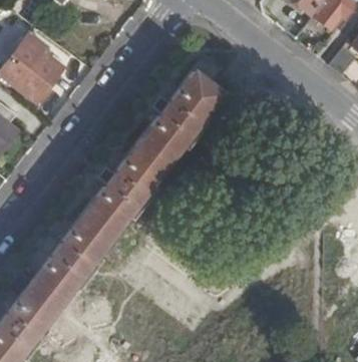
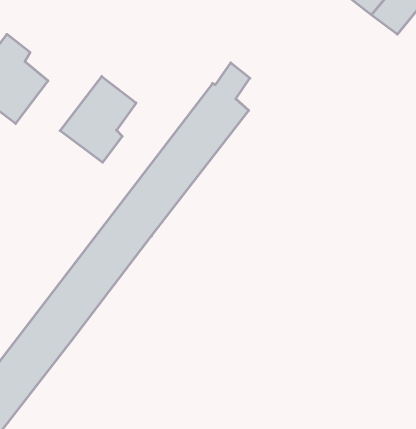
building: none -> [60,76,136,162]

